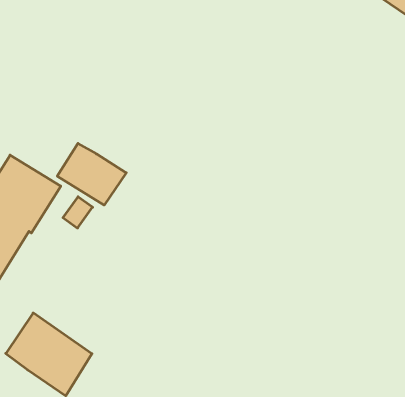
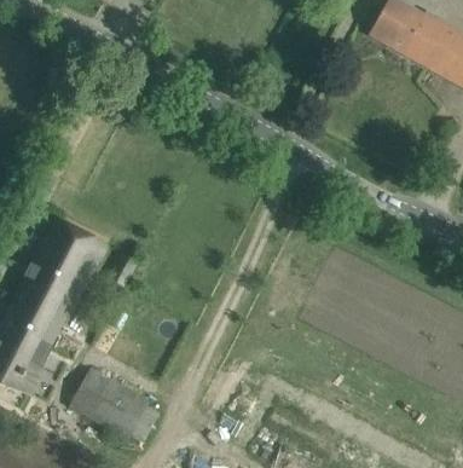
building: [57,143,126,205] -> none

